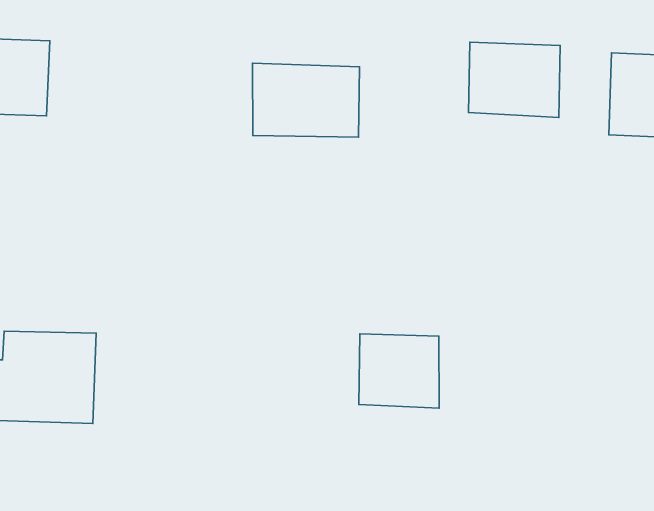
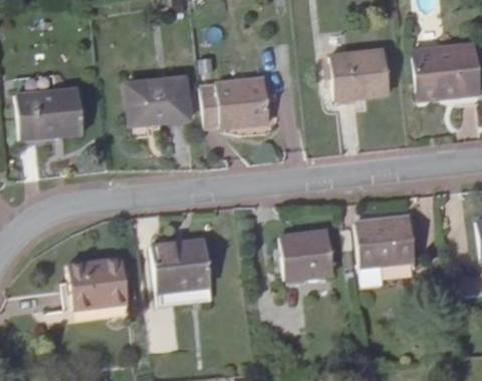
building: none -> [126,67,189,121]
building: none -> [156,243,215,293]
building: none -> [359,225,419,294]

